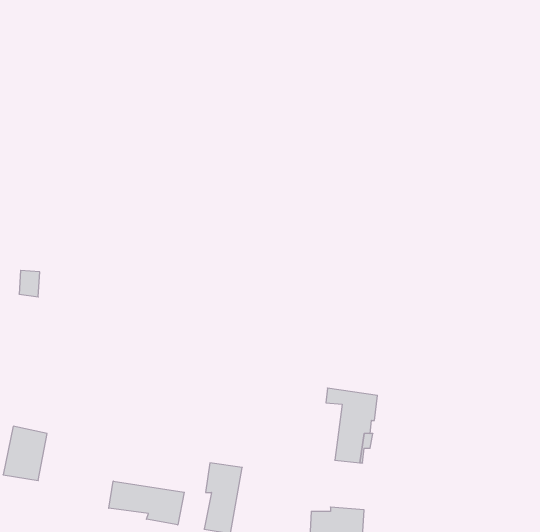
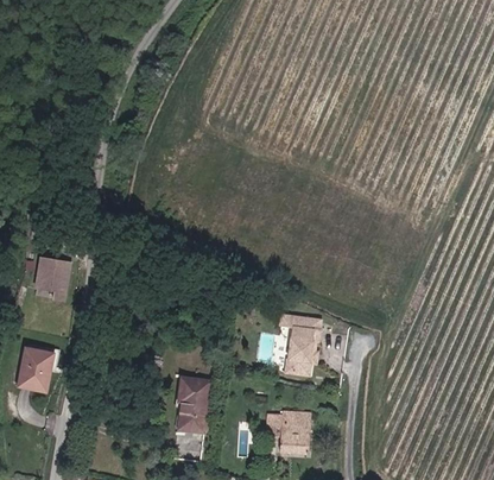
building: none -> [31,254,72,301]
building: [109,481,184,525] -> none

